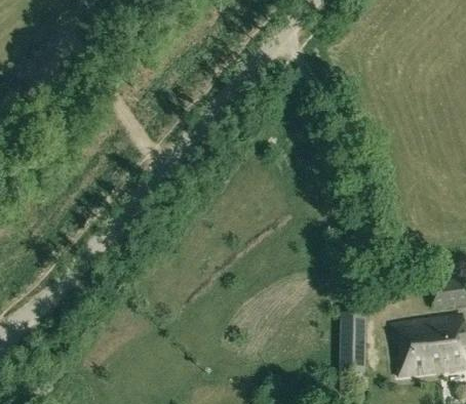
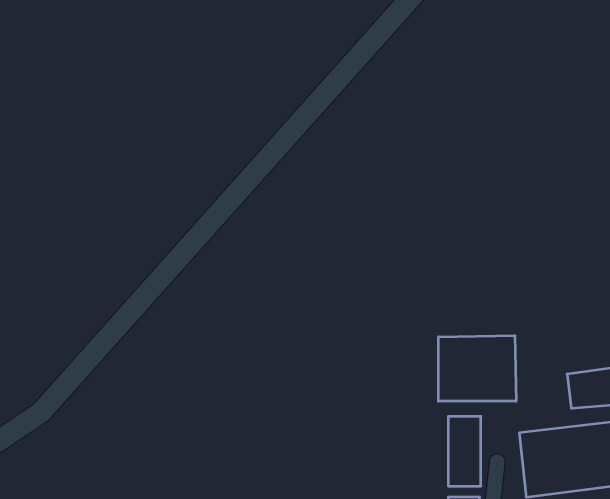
building: none -> [438,336,516,401]

